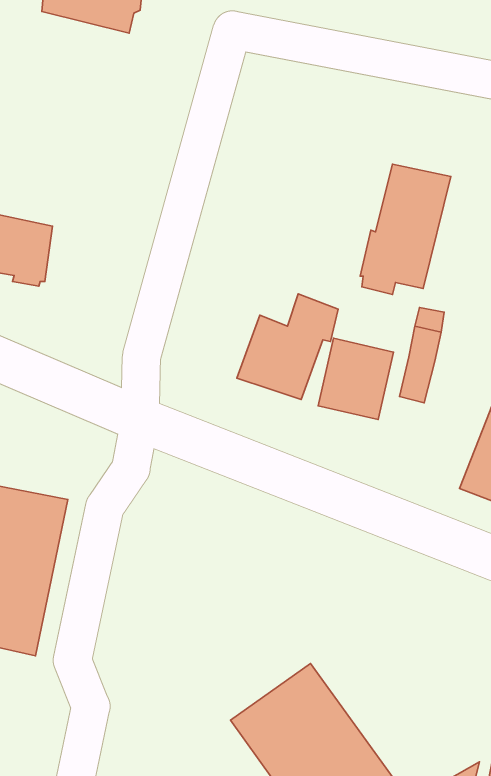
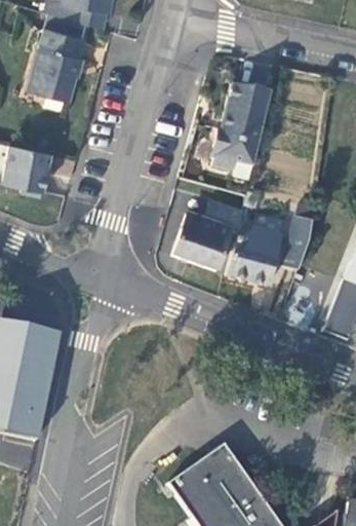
building: none -> [28,26,82,96]
building: [360,164,451,295] -> [210,82,271,170]

